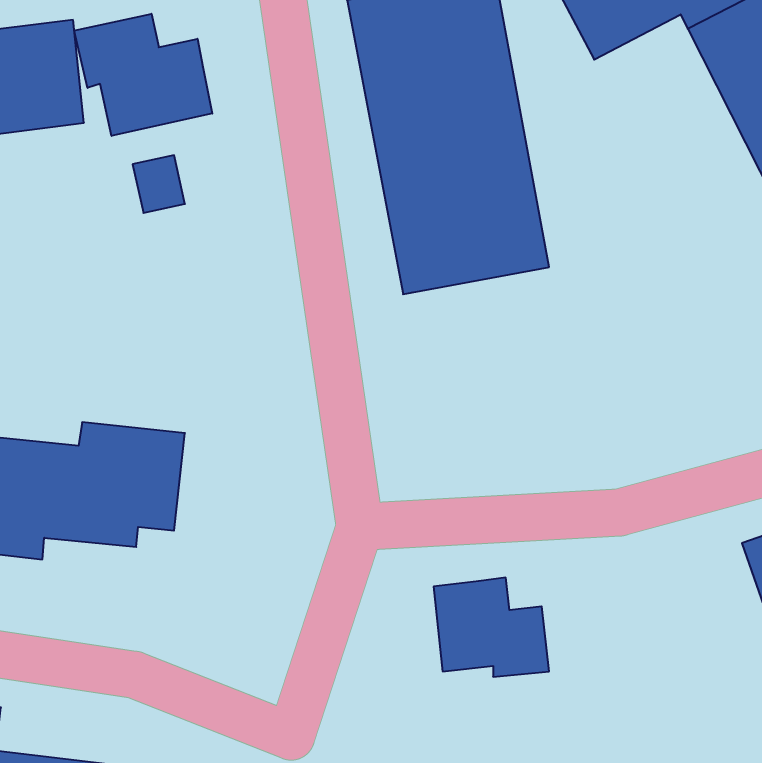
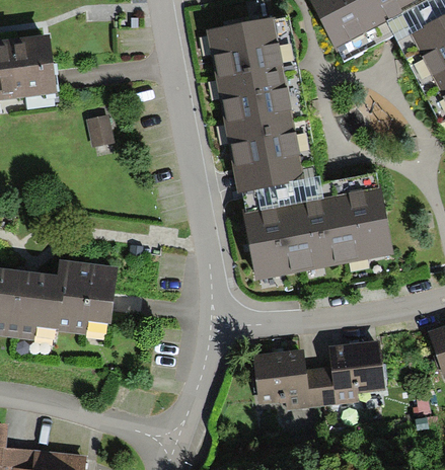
building: [74,14,212,136] -> none
building: none -> [242,167,392,276]
building: none -> [315,343,384,404]

